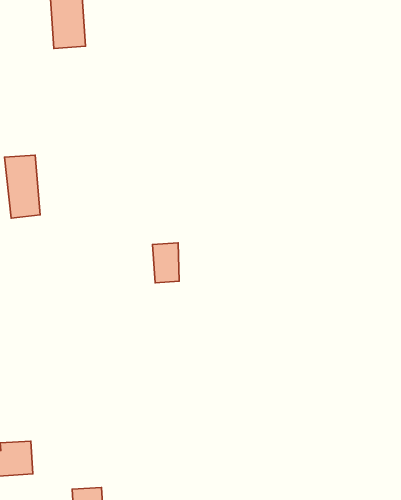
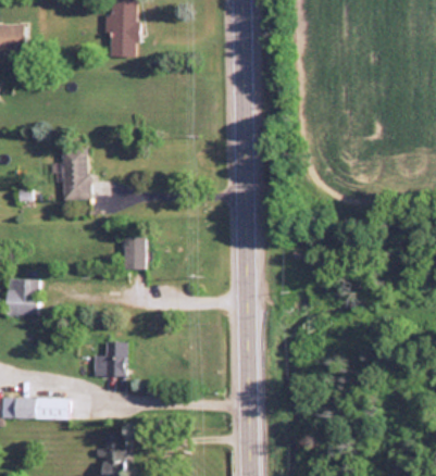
building: [153,243,179,283] -> [124,237,146,270]
building: none -> [95,342,126,376]

